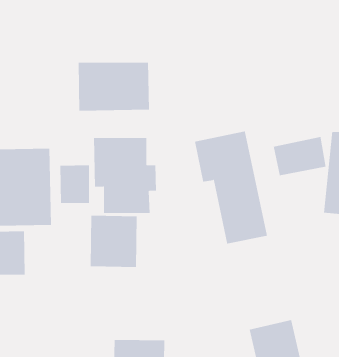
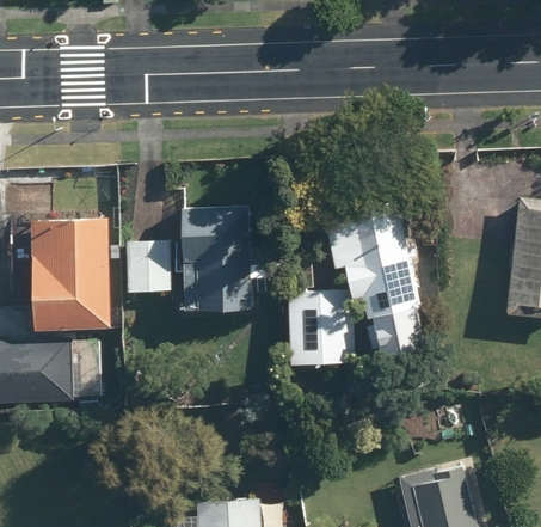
building: [78,62,150,111] -> none
building: [273,136,326,176] -> none
building: [90,215,138,267] -> [282,295,351,370]

